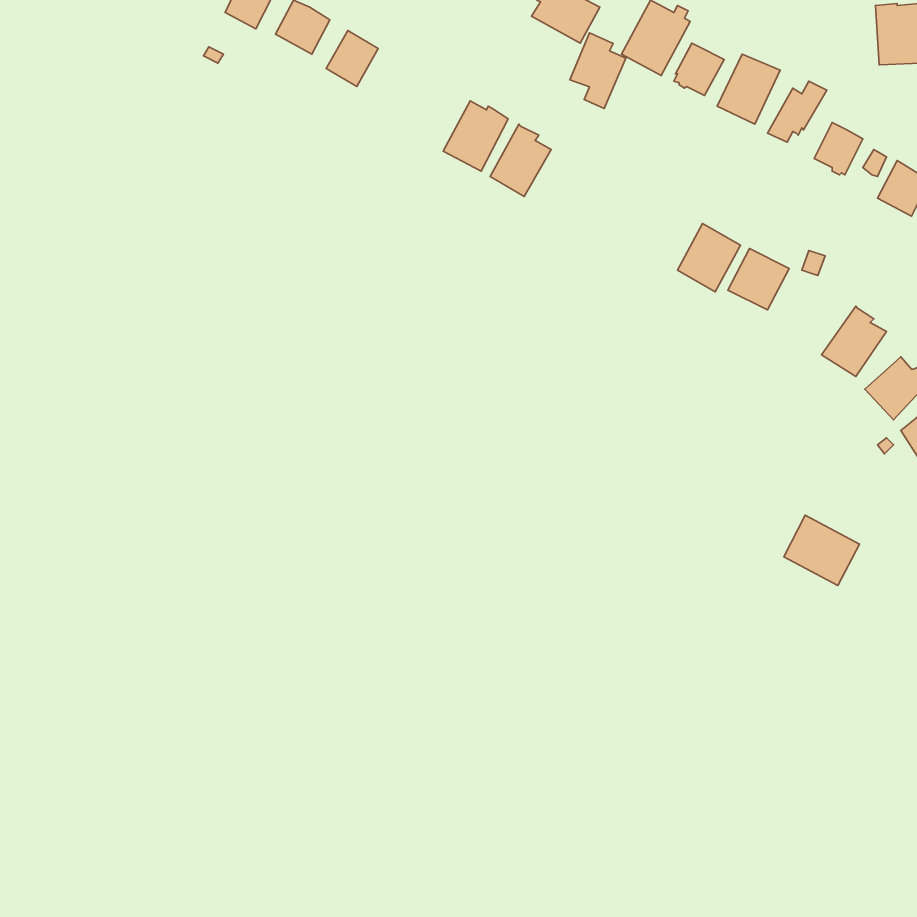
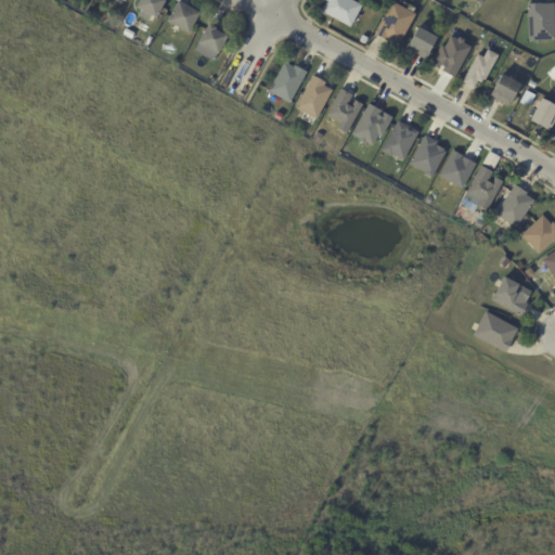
building: [570,33,626,109] -> [328,87,362,132]
building: none -> [353,103,392,144]
building: none -> [384,120,420,159]
building: none -> [465,164,502,208]
building: none -> [492,275,532,314]

